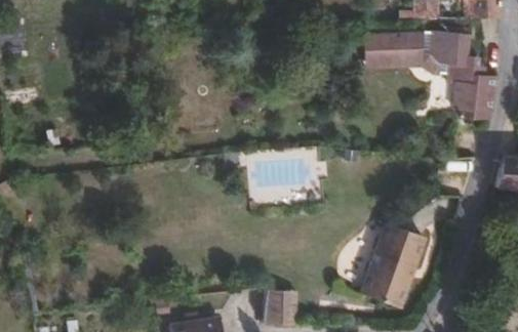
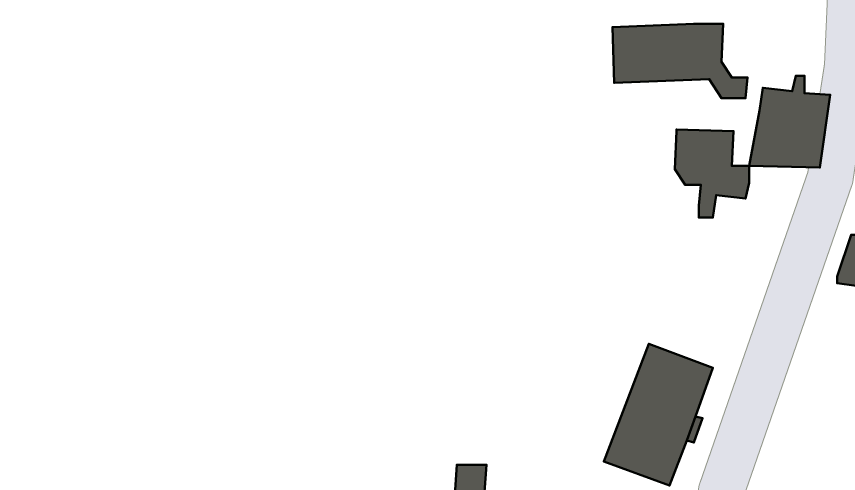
building: [429,31,473,83] -> [675,129,749,218]

